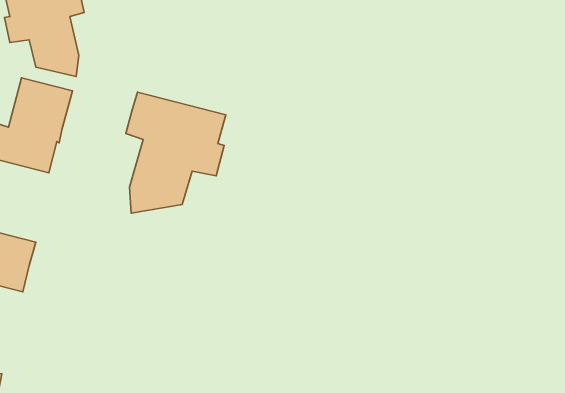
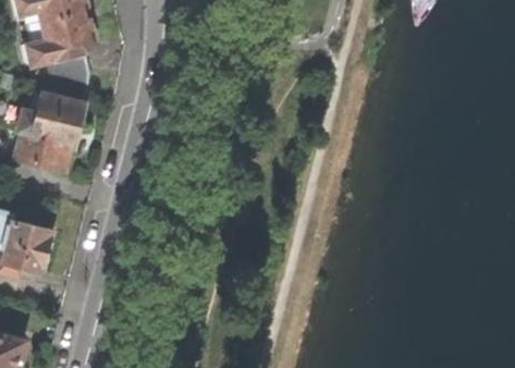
building: [126,92,226,213] -> none

